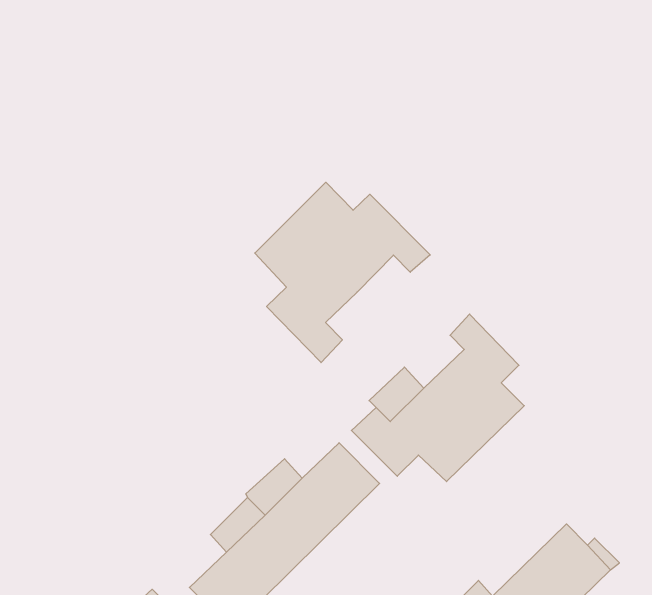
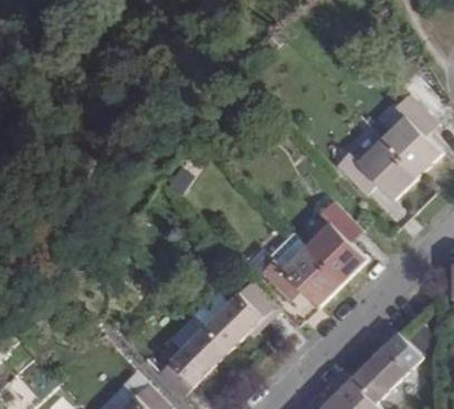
building: none -> [334,93,442,201]
building: [255,182,430,363] -> none

